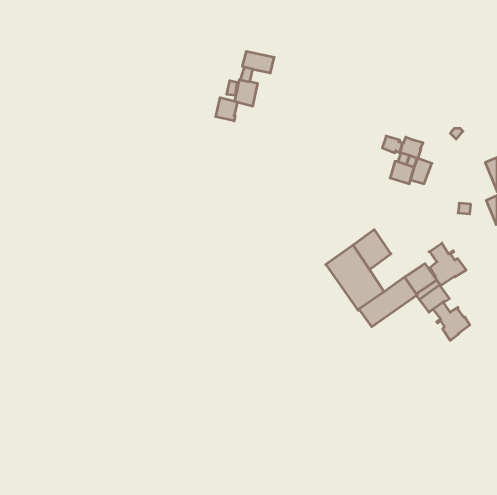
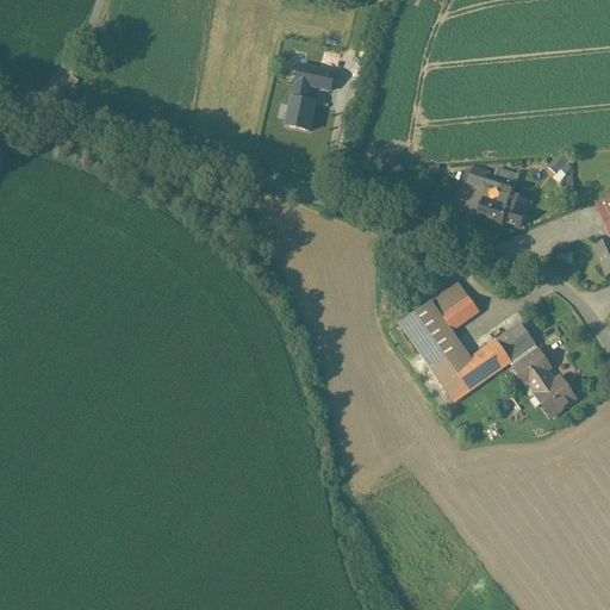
building: [216,98,238,121] -> none
building: [428,243,466,285] -> none

